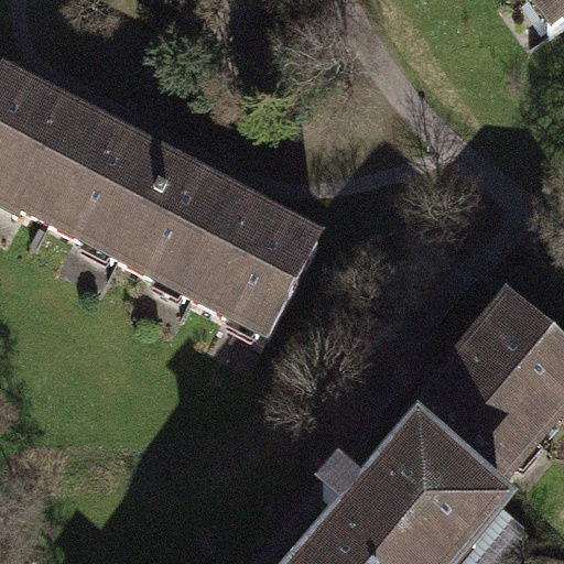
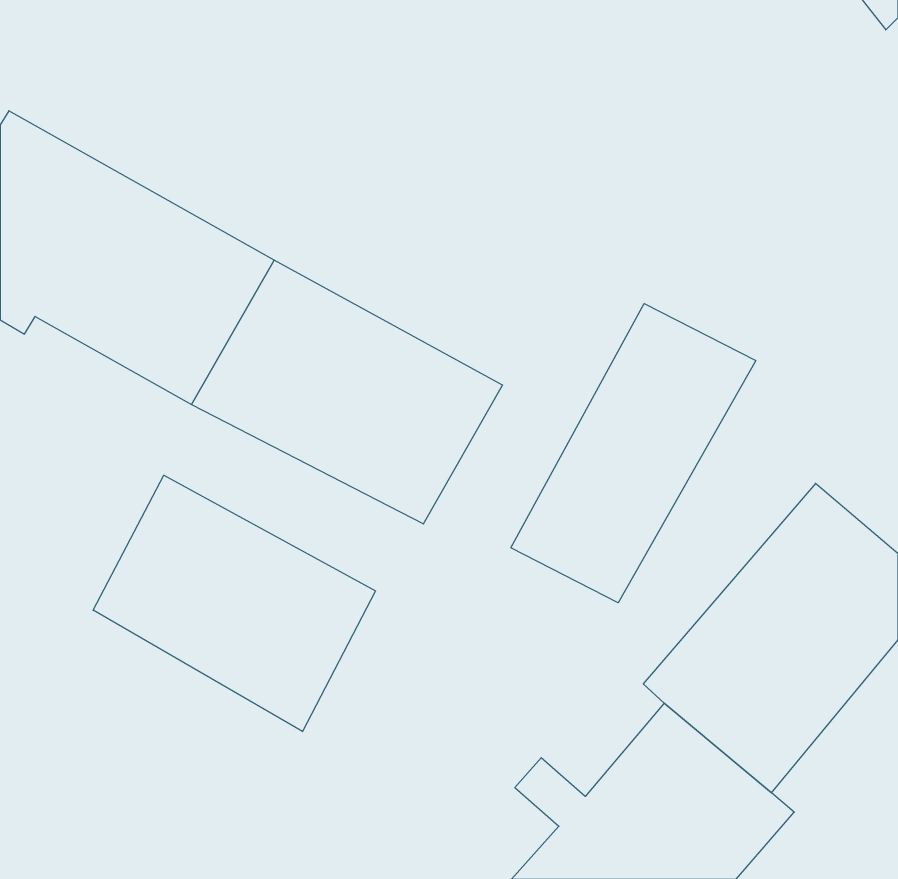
building: none -> [511,304,756,603]
building: none -> [93,475,376,732]

